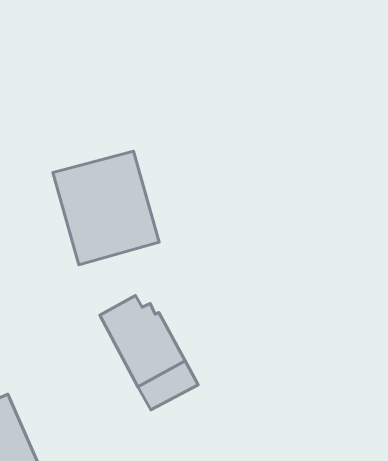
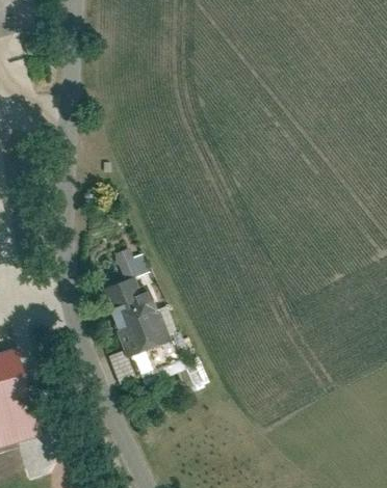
building: [53,151,159,265] -> none
building: none -> [111,250,146,279]

